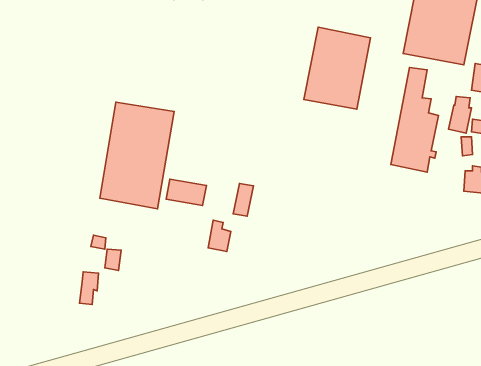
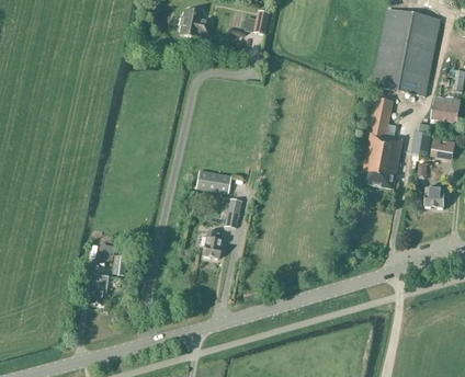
building: [304,27,370,109] -> none
building: [100,102,174,209] -> none
building: [166,179,206,206] -> [195,170,230,193]

